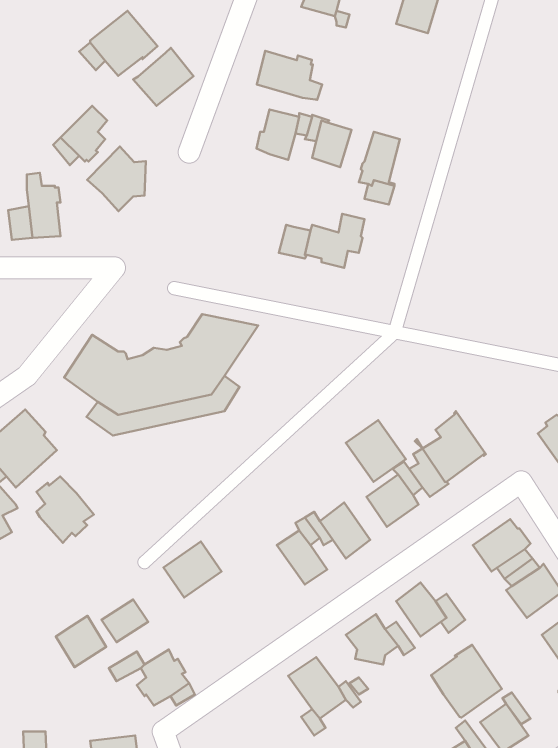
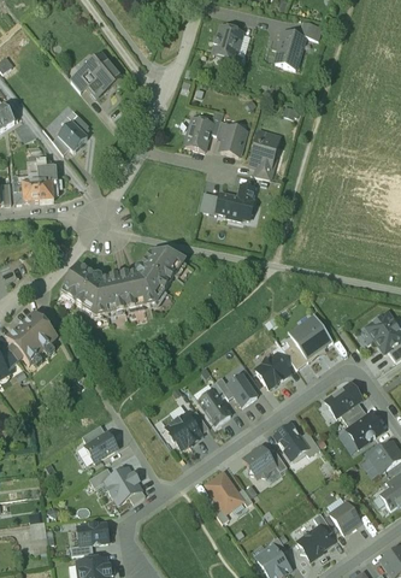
building: [133,48,194,106] -> none
building: [257,51,322,100] -> none
building: [87,147,146,211] -> none
building: [346,420,406,482] -> none
building: [36,476,94,543] -> none
building: [164,542,221,597] -> [164,413,201,449]
building: [56,616,106,667] -> none
building: [431,645,502,718] -> none

